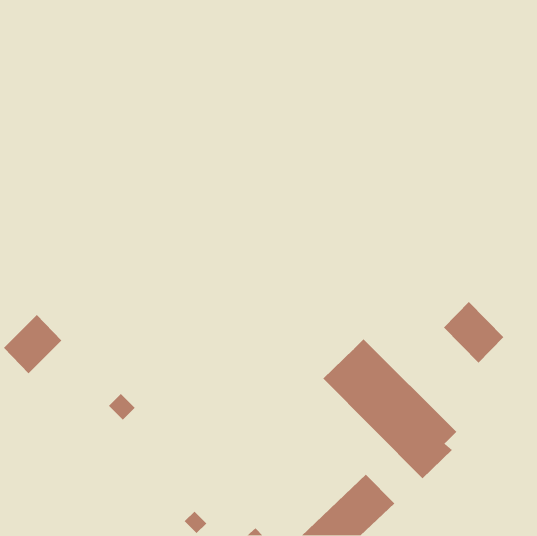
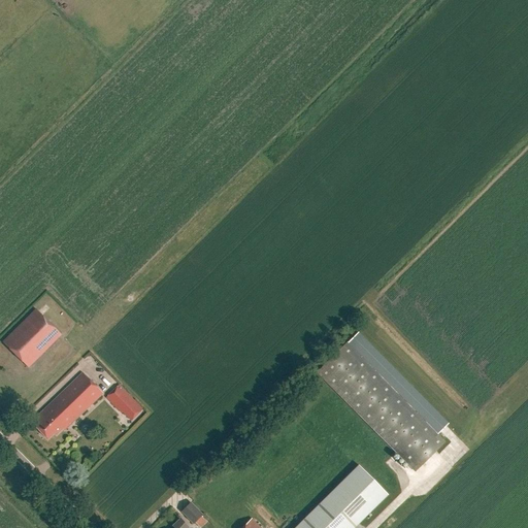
building: [443,301,504,363] -> none
building: none -> [34,372,102,439]

